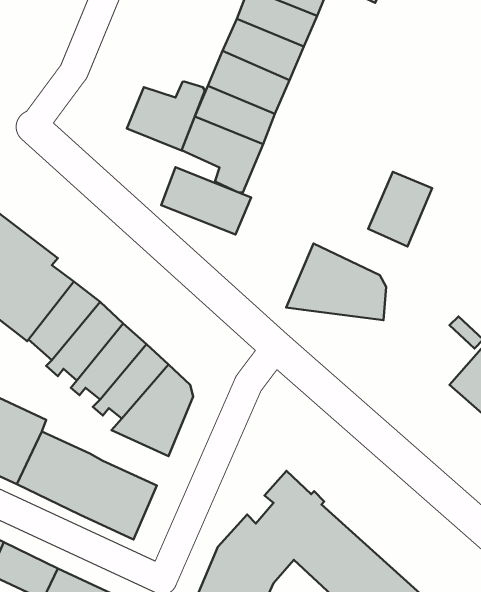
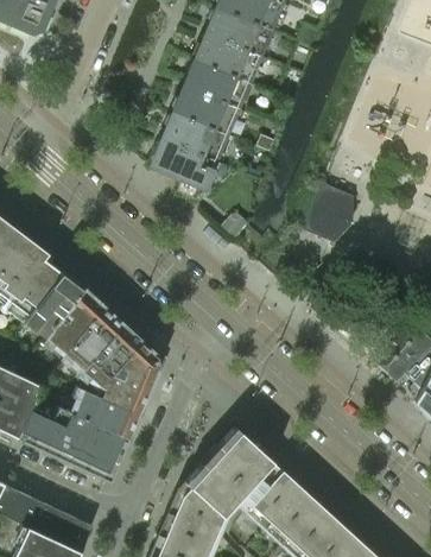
building: [127,82,205,150] -> none
building: [161,167,251,235] -> none
building: [286,244,386,320] -> none
building: none -> [72,386,139,438]

